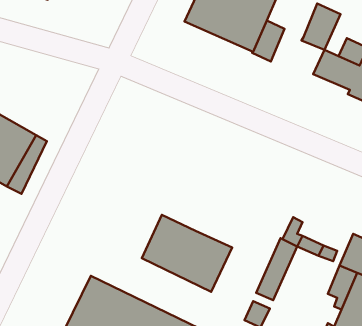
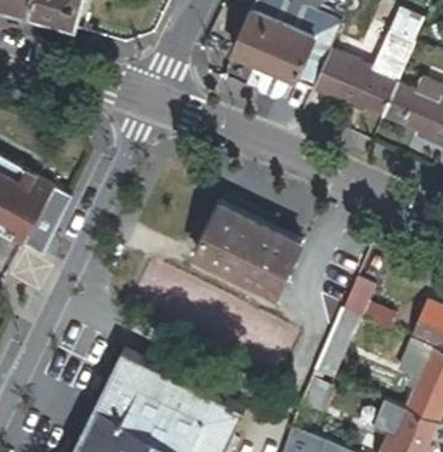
building: none -> [331,64,393,116]
building: [142,215,232,292] -> [198,201,302,290]

